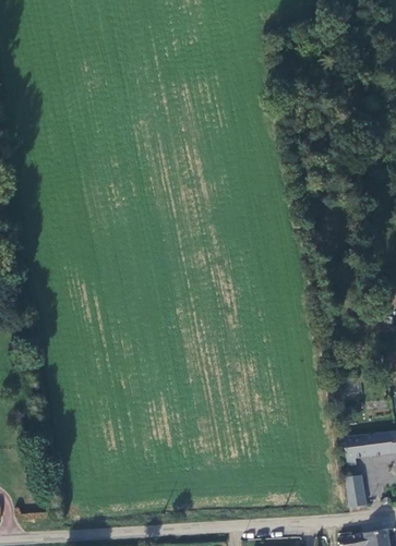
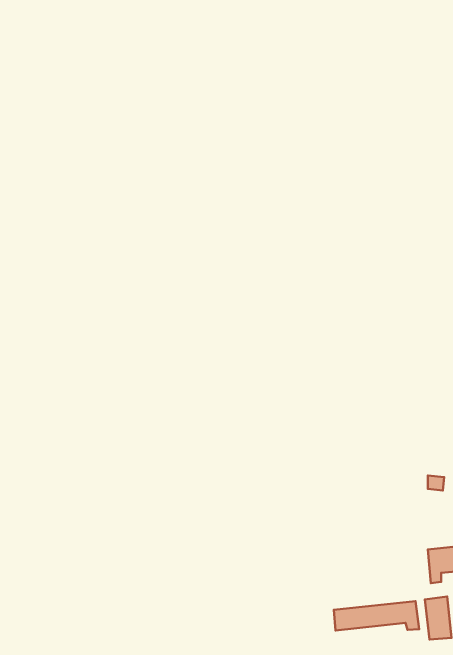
building: none -> [334,601,419,631]

